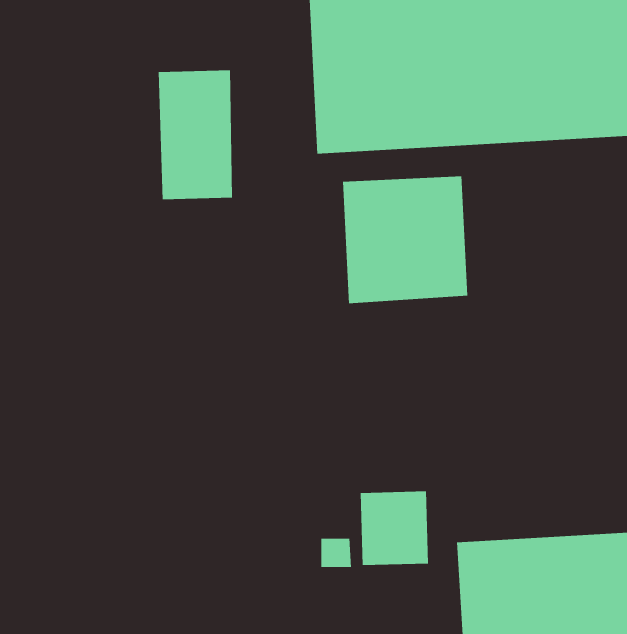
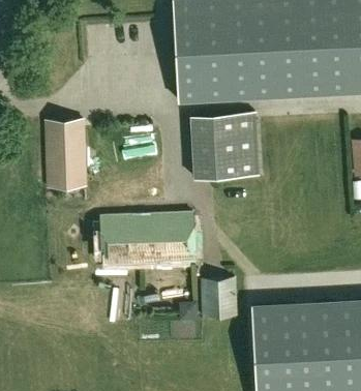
building: [158,70,233,200] -> [44,121,84,189]
building: none -> [100,213,194,267]

